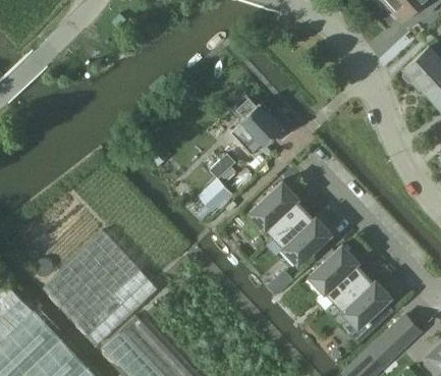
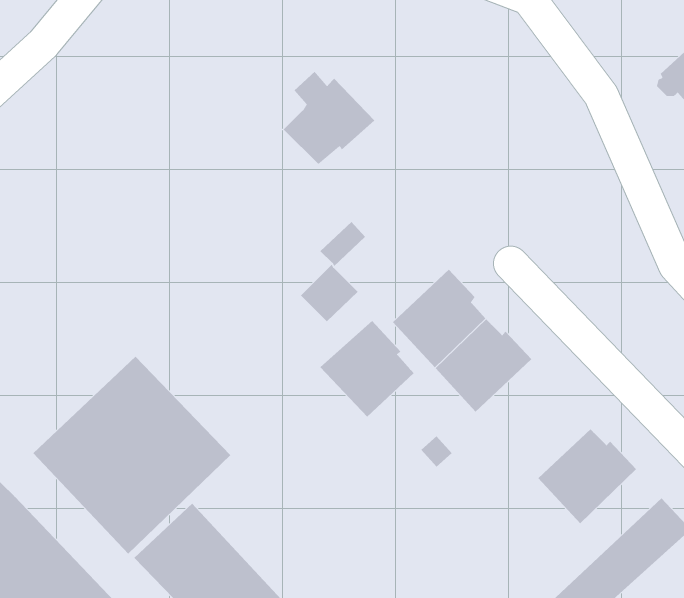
building: [230,99,283,153] -> [283,71,375,165]
building: none -> [320,320,414,418]
building: [310,246,365,302] -> none

